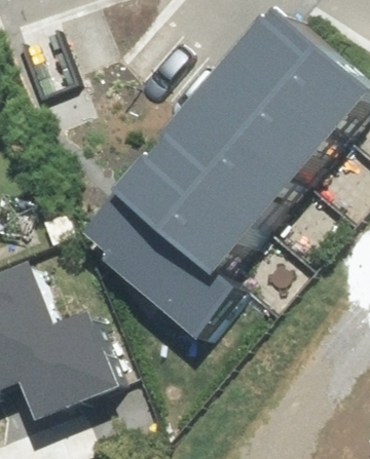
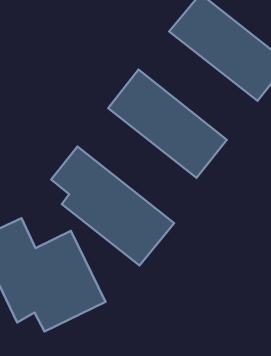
building: [183,48,331,183] -> none
building: [107,144,255,278] -> none

